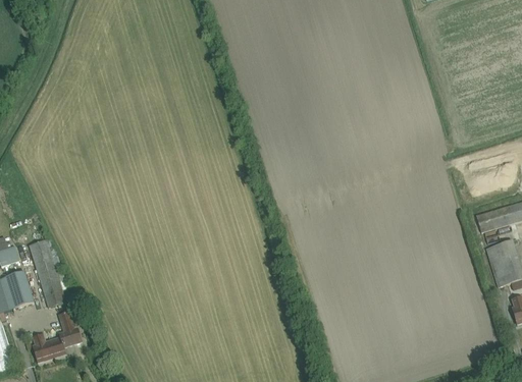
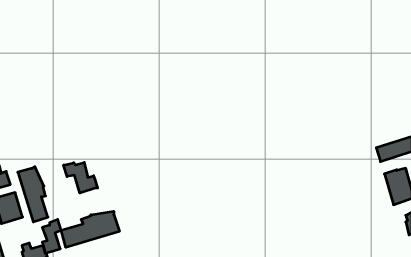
building: none -> [64,162,98,193]
building: none -> [61,211,119,247]

